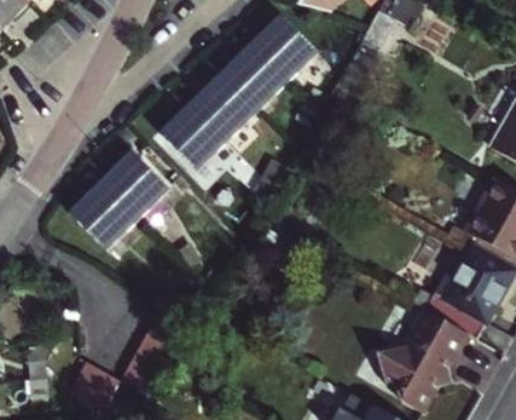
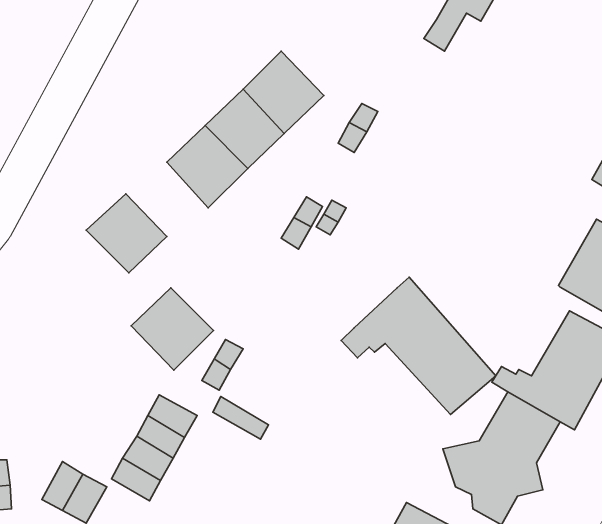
building: [251,19,313,81] -> none
building: [73,184,135,247] -> [131,288,214,370]
building: none -> [341,277,496,414]

